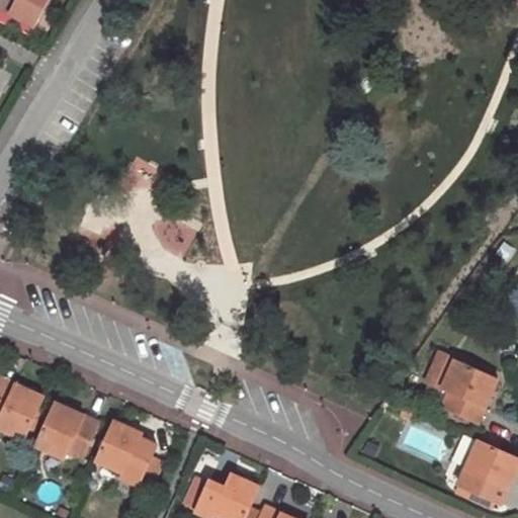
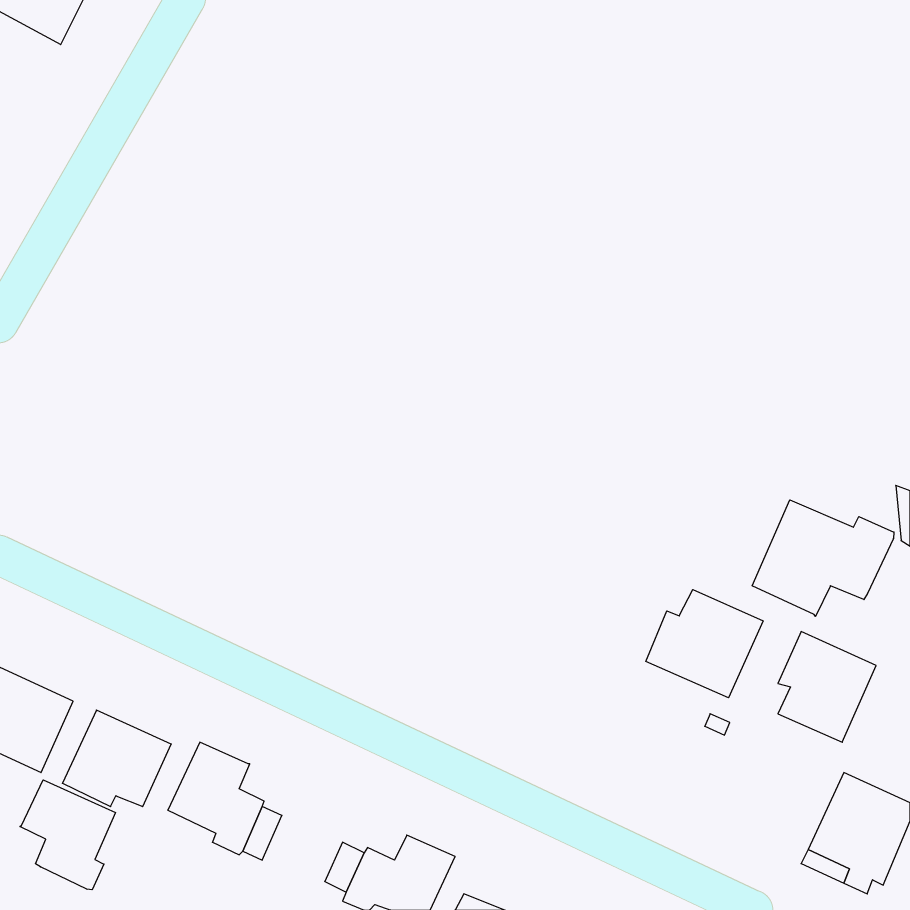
building: none -> [752,500,894,616]
building: none -> [646,590,763,698]
building: none -> [20,780,116,890]

